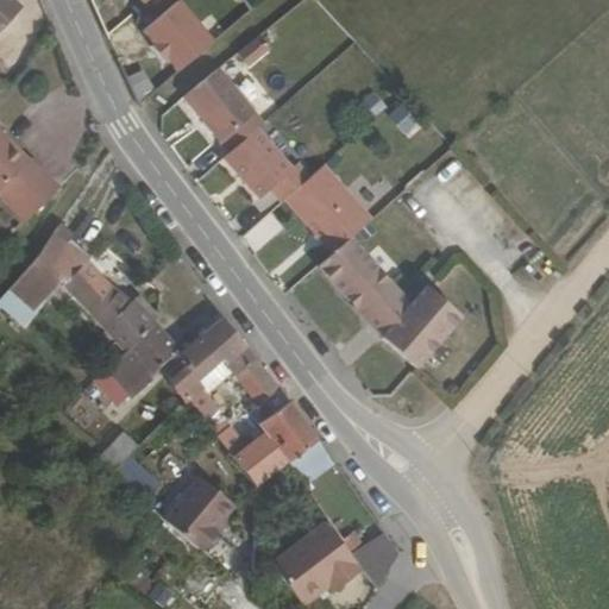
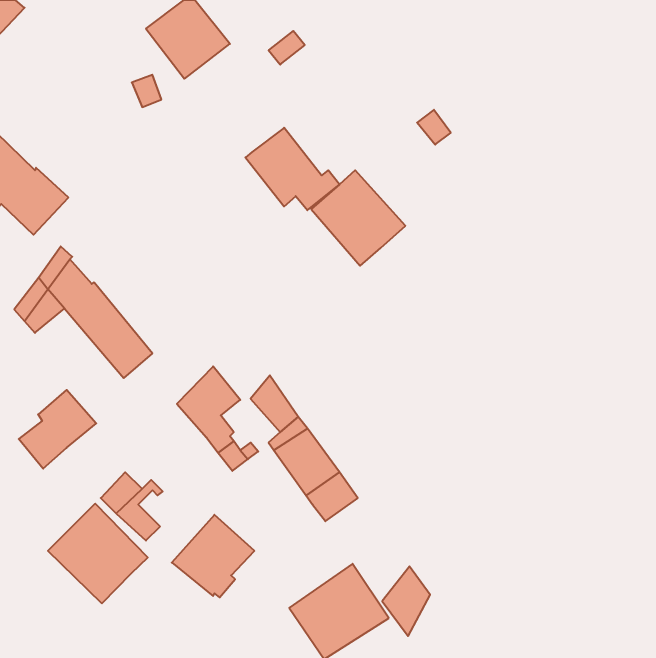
building: [193,63,268,142] -> none
building: [316,230,459,362] -> none
building: [196,310,249,370] -> none
building: [96,327,168,400] -> [19,390,96,469]
building: [236,438,288,490] -> none
building: none -> [48,504,148,603]

